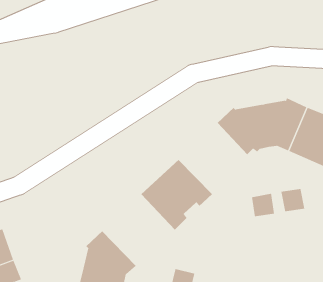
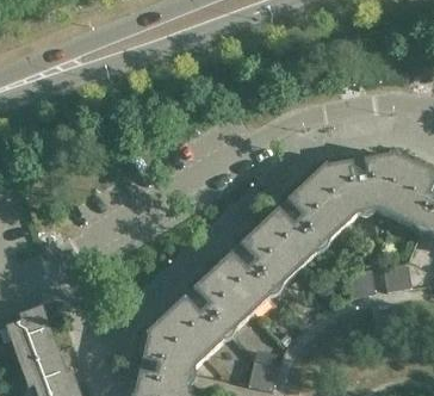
building: none -> [258,182,341,270]
building: none -> [165,270,253,357]

